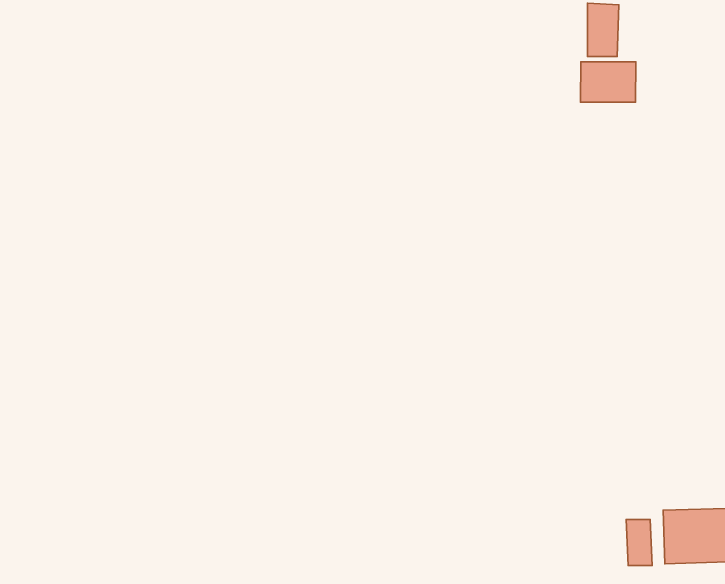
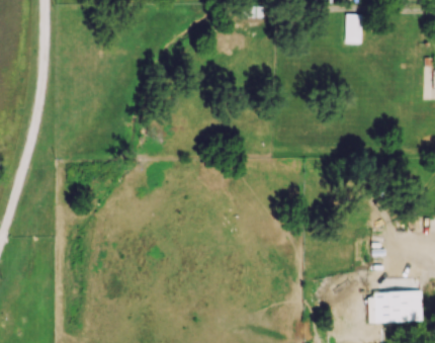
building: [581,62,636,102] -> none

